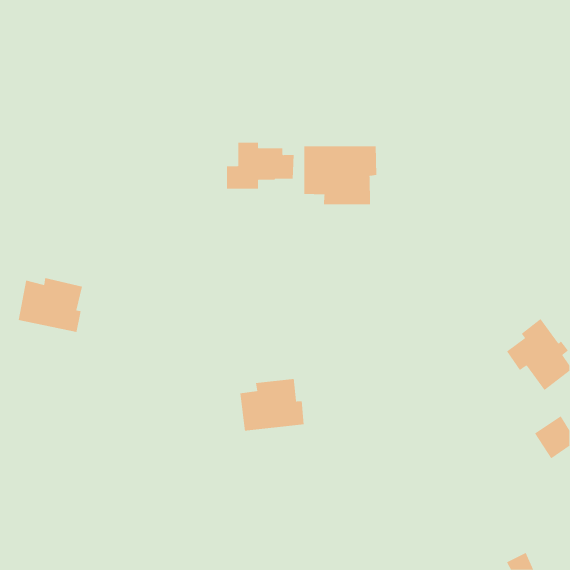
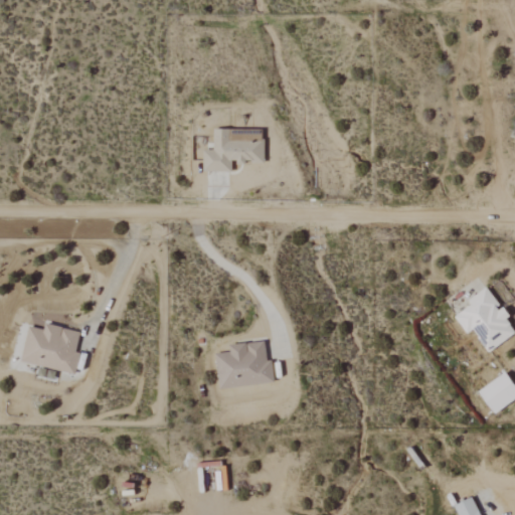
building: [304,145,377,205] -> none
building: [18,278,83,333] -> [21,323,79,372]

